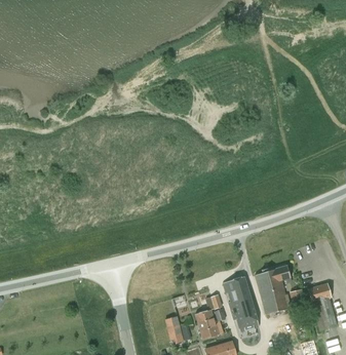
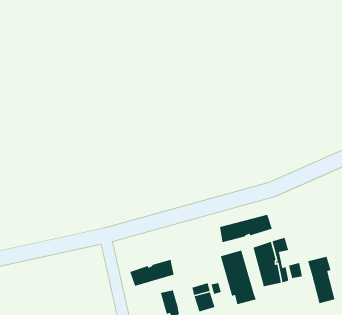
building: none -> [219,214,273,243]
building: none -> [129,259,175,287]

